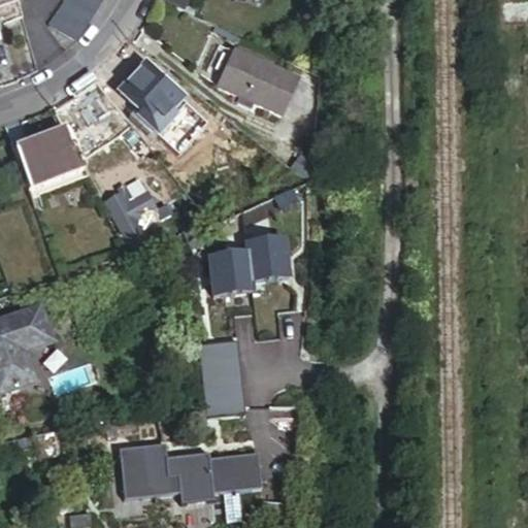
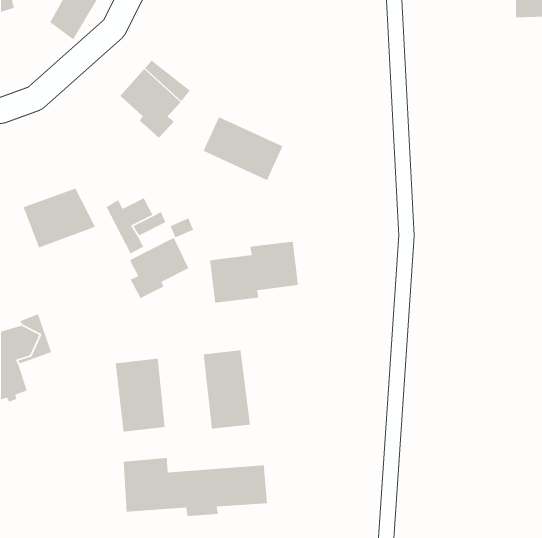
building: [217,55,295,118] -> [202,116,283,181]
building: [9,129,80,188] -> [22,188,96,248]
building: none -> [129,237,190,299]
building: none -> [115,358,165,433]

